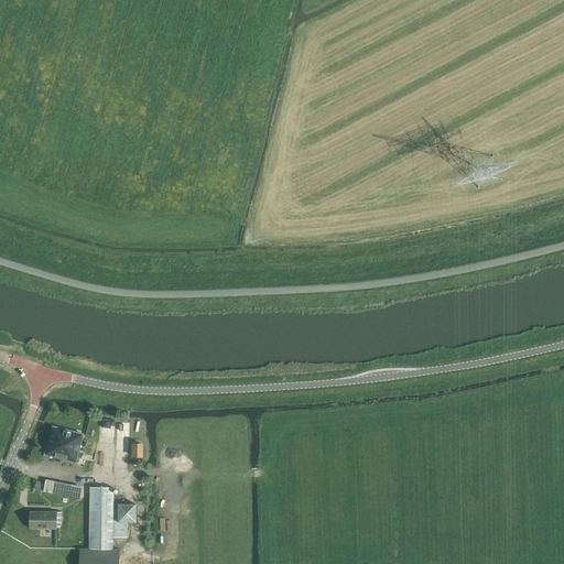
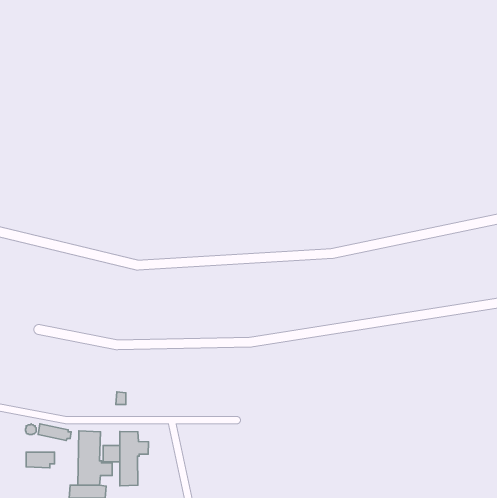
building: [45,431,80,465] -> none
building: none -> [120,431,148,486]

